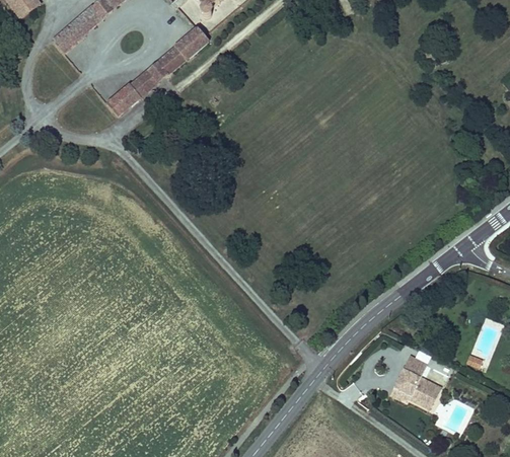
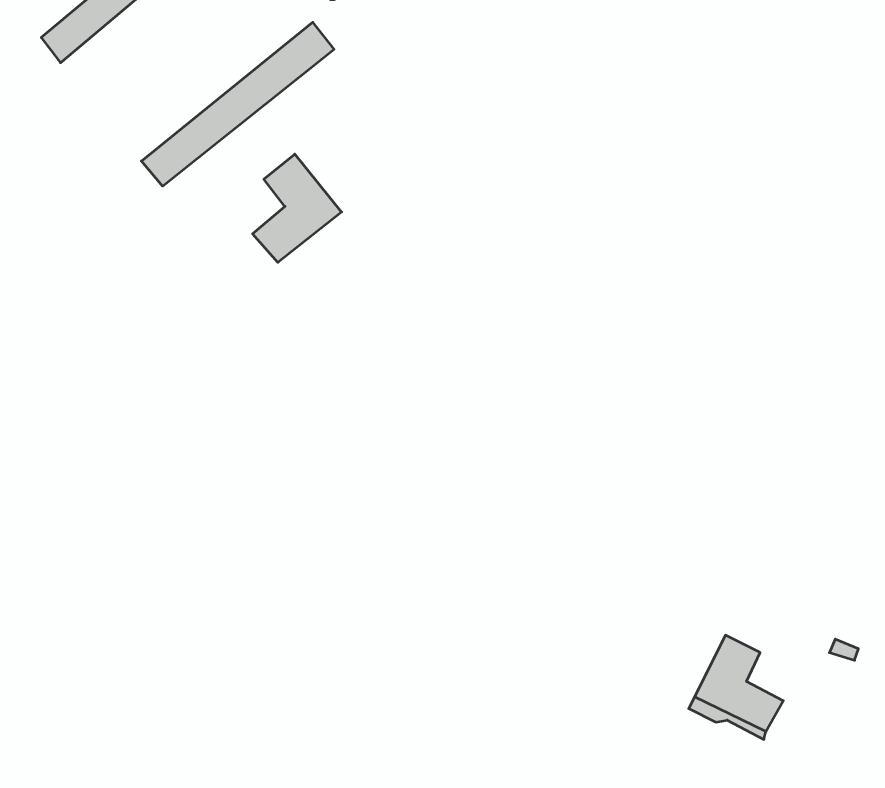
building: none -> [253,154,342,262]

